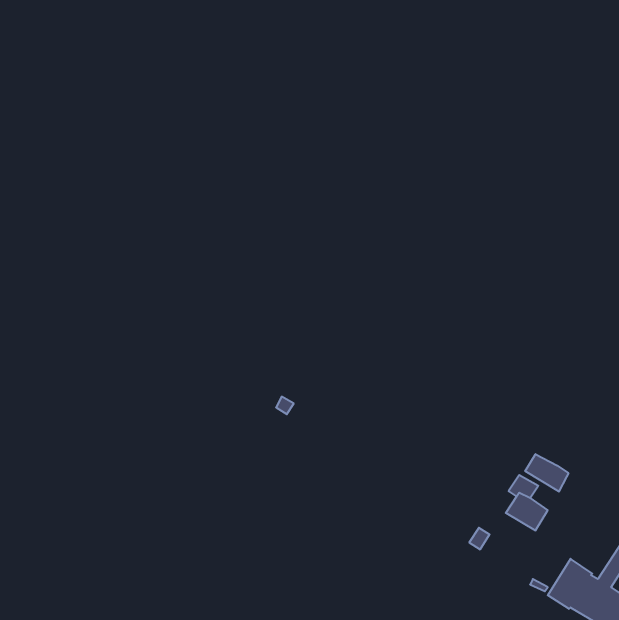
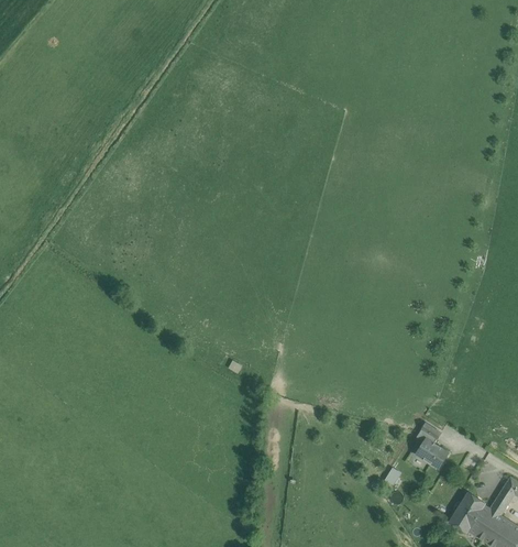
building: [525,454,568,492] -> none

